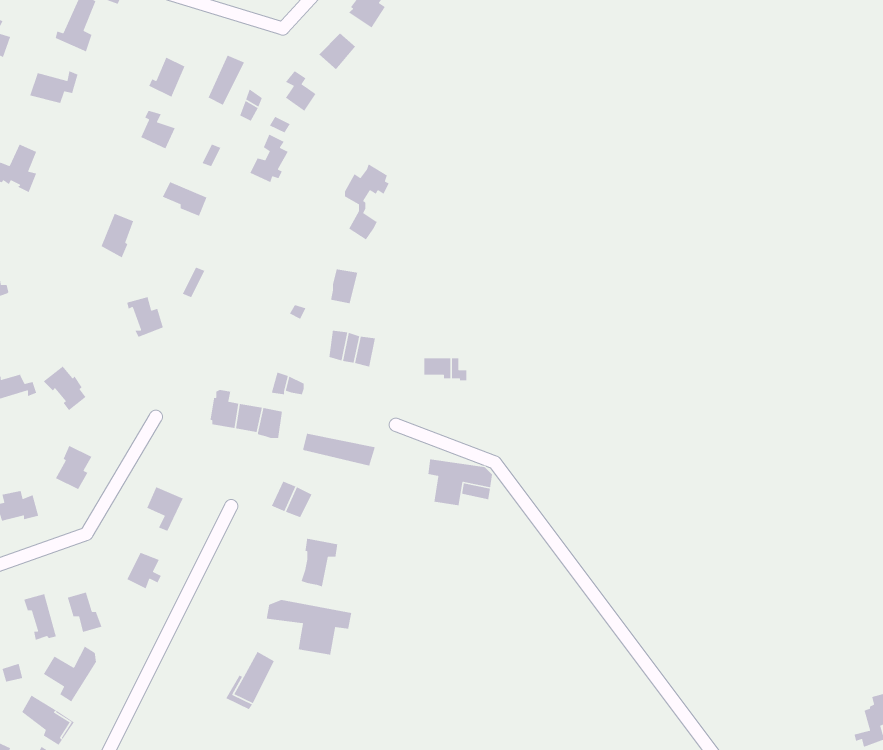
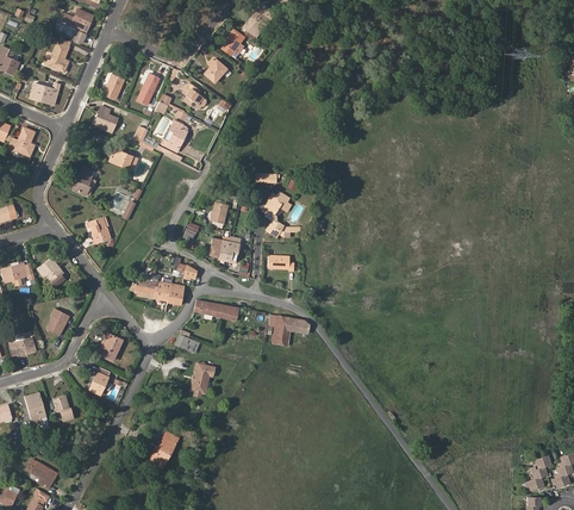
building: [344,163,390,241] -> [263,192,291,238]
building: [266,599,352,656] -> none
building: [43,645,97,702] -> none

